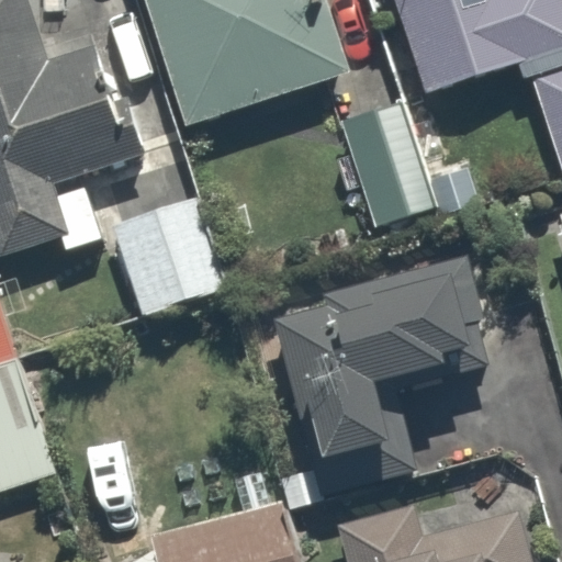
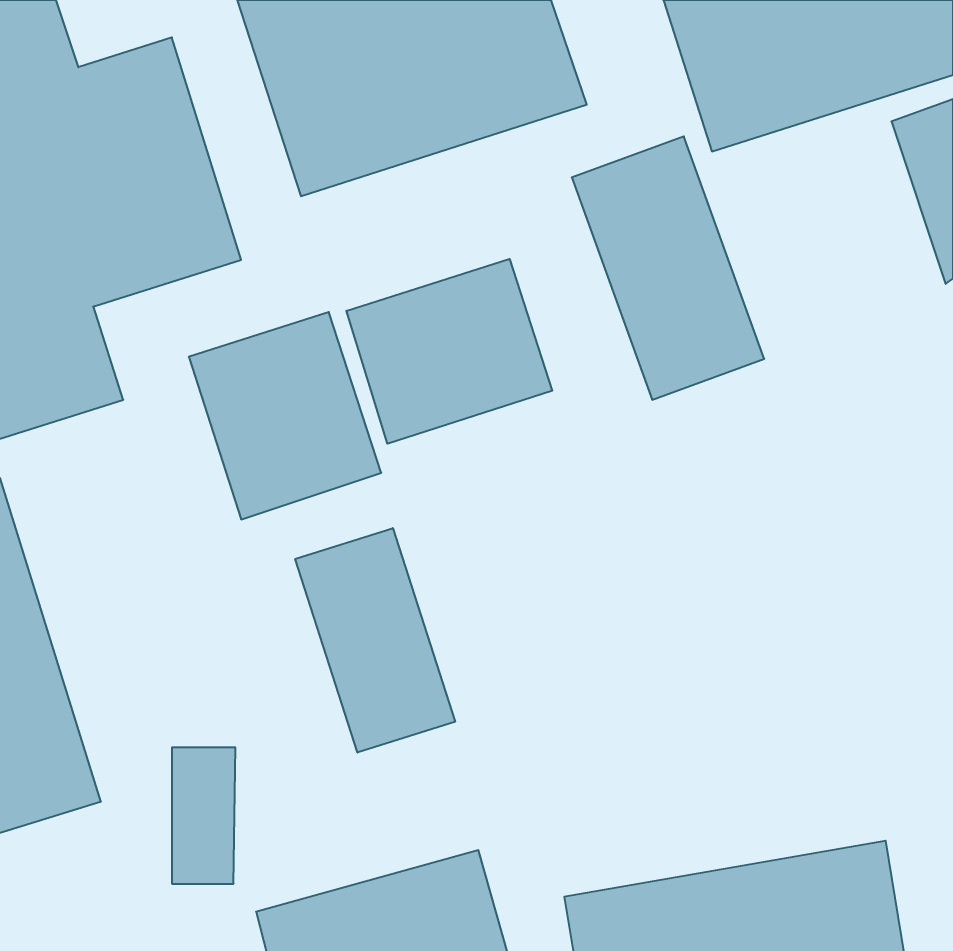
building: none -> [346,259,552,444]
building: [270,271,487,446] -> none
building: none -> [295,528,455,753]

